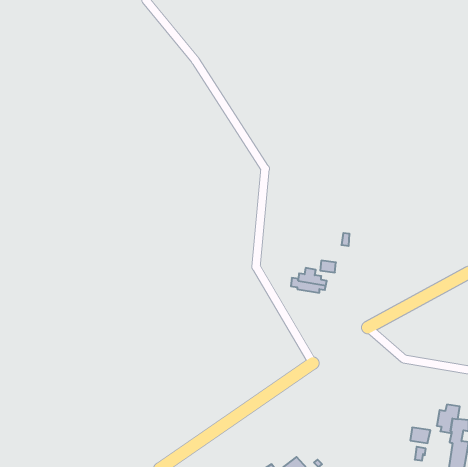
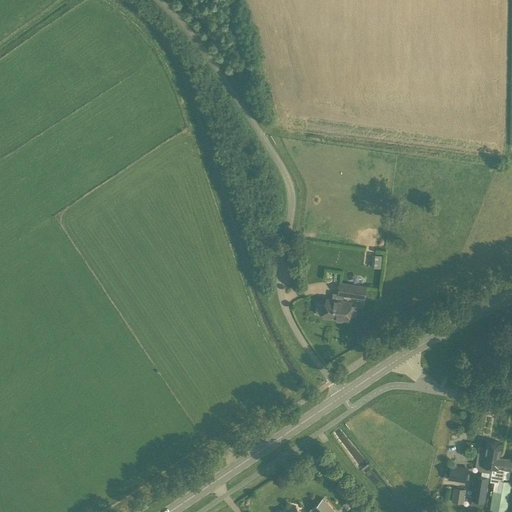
building: none -> [472,475,490,503]

